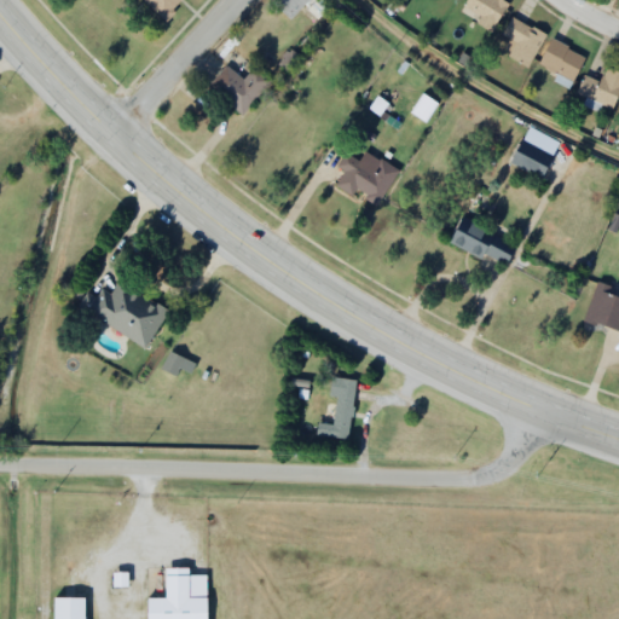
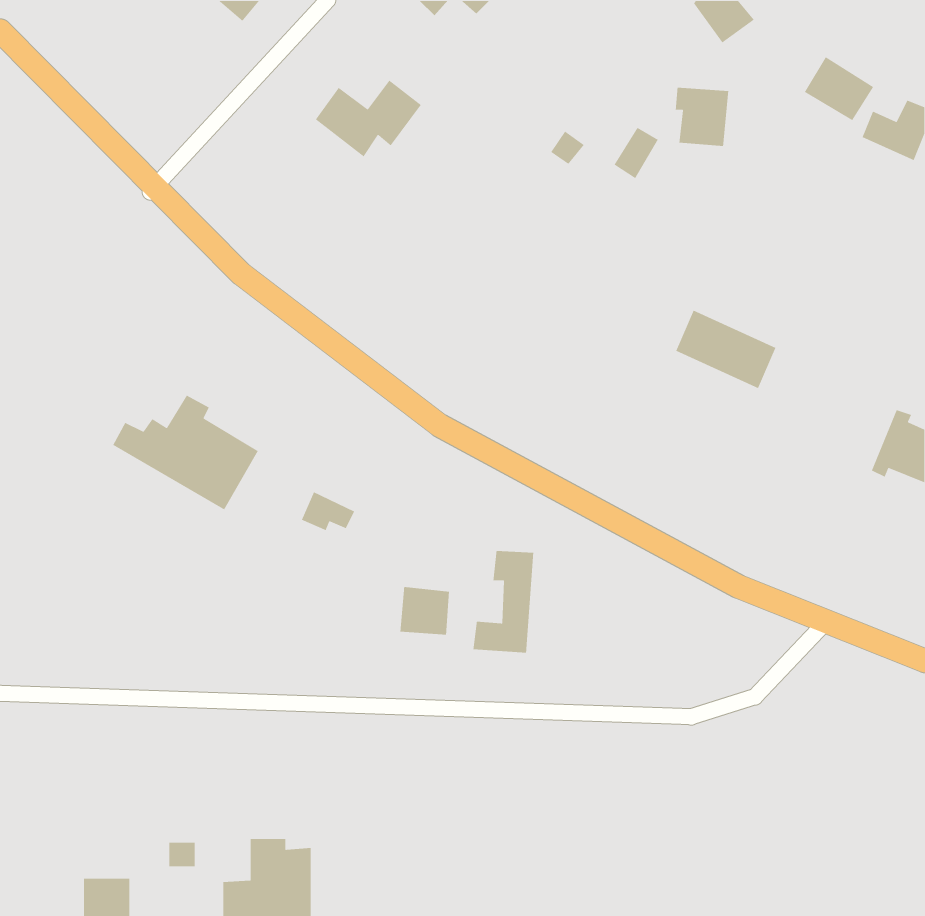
building: [503,30,539,70] -> [675,87,729,147]
building: [510,123,562,179] -> none
building: [334,151,397,204] -> none
building: [161,348,197,375] -> [301,491,355,531]
building: none -> [399,586,450,635]

